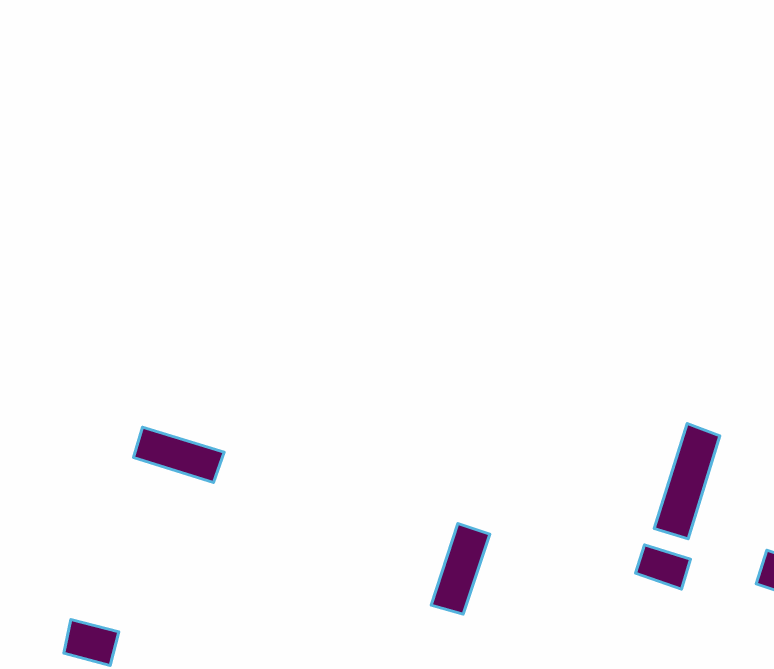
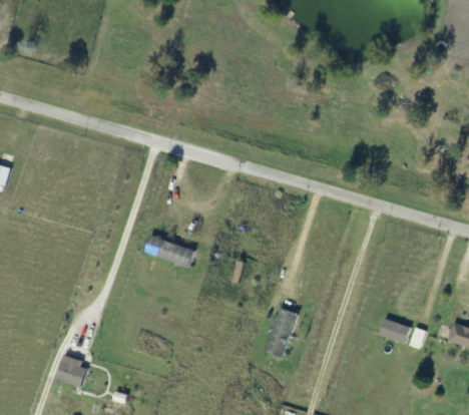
building: [654,423,720,539] -> none
building: [134,427,224,482] -> [144,235,195,266]

